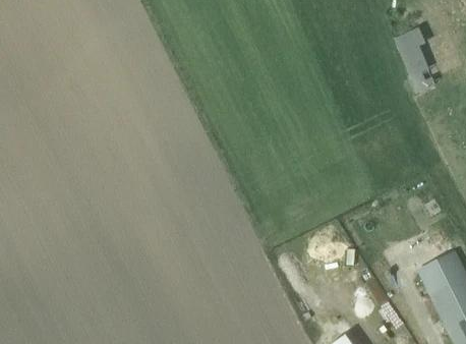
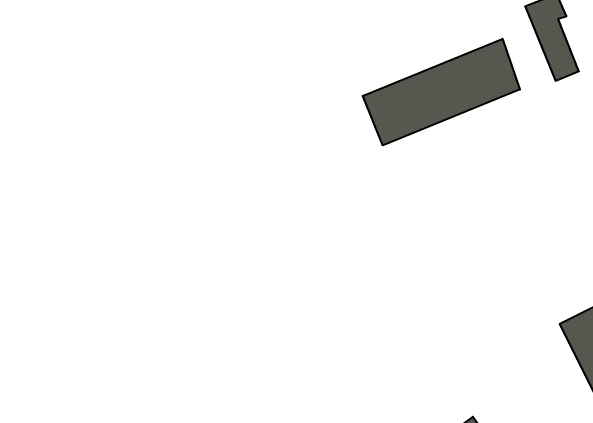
building: none -> [363,39,520,145]

